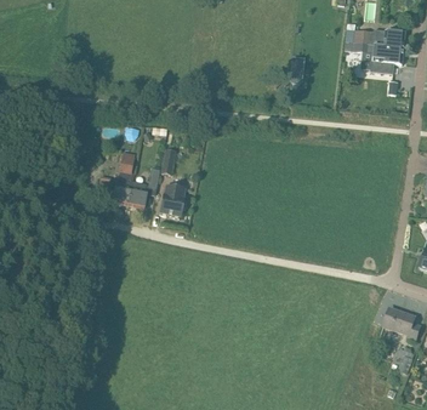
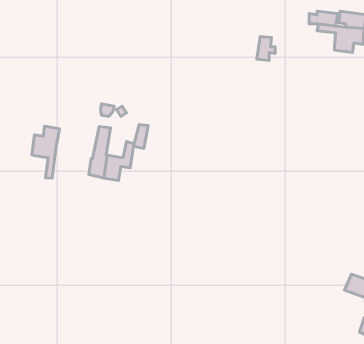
building: none -> [32,126,60,178]
building: [160,183,184,215] -> none

